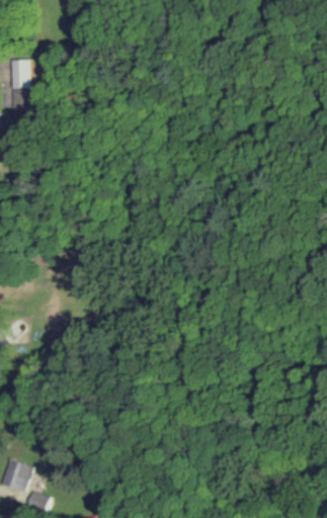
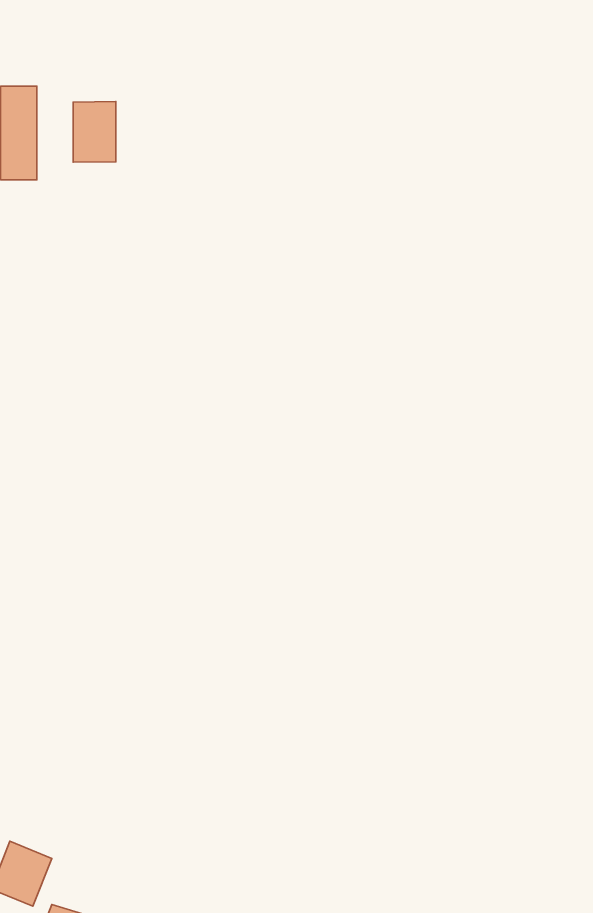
building: none -> [73,102,116,162]

